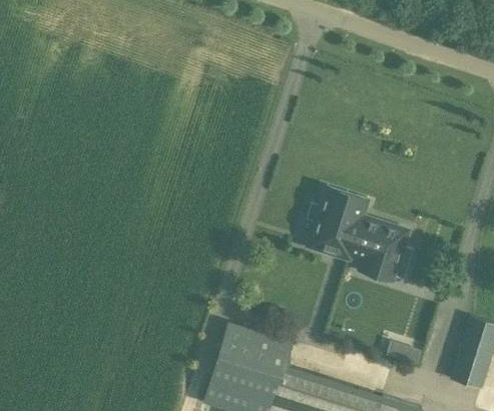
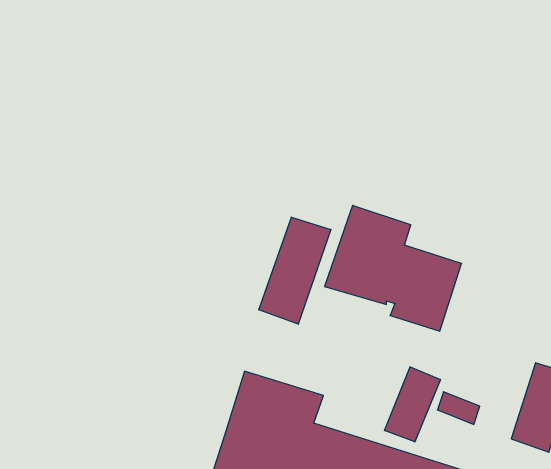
building: none -> [259,217,331,324]
building: none -> [385,367,440,442]

